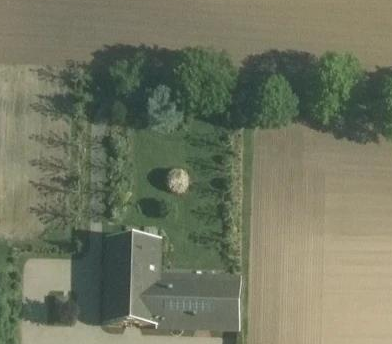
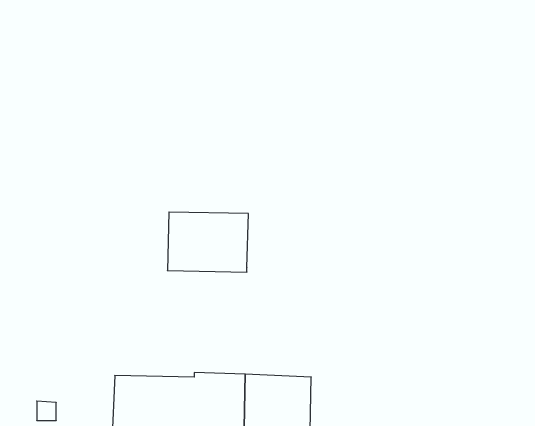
building: [107,237,161,277] -> [167,212,248,272]

